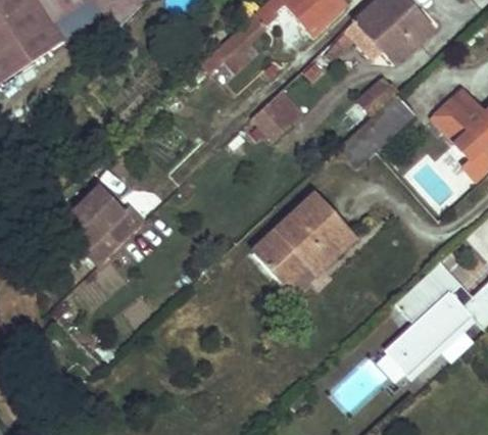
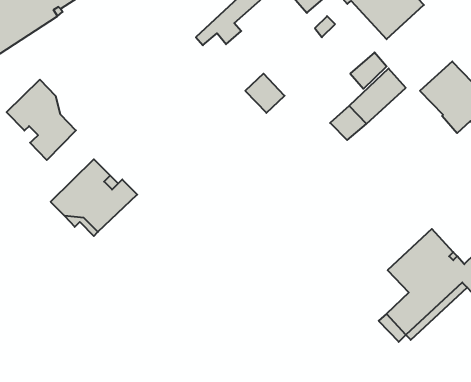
building: none -> [7,80,76,160]
building: [253,195,355,298] -> none

